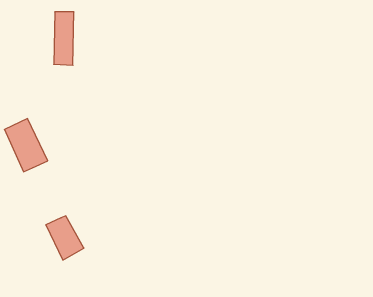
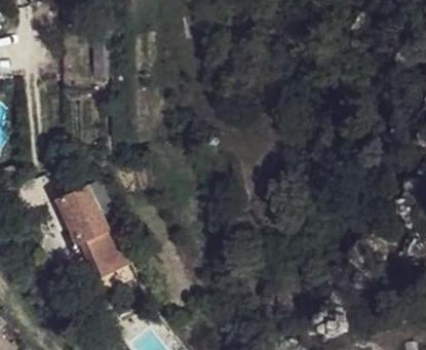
building: [4,119,48,172] -> [59,191,103,245]

